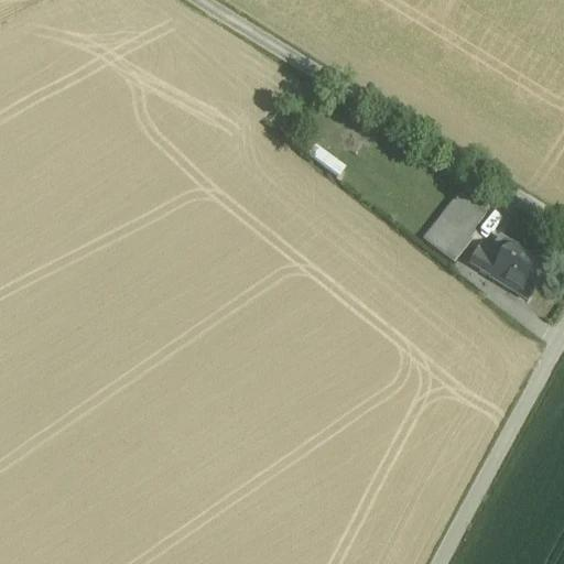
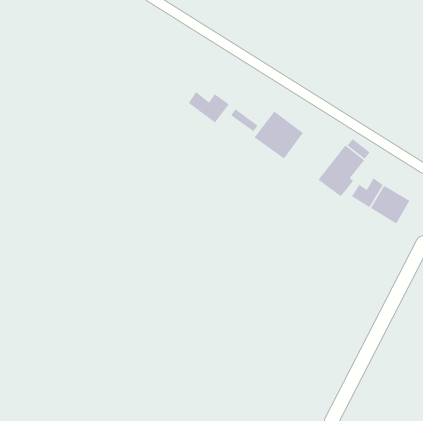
building: none -> [188,91,230,124]
building: none -> [254,111,304,160]

